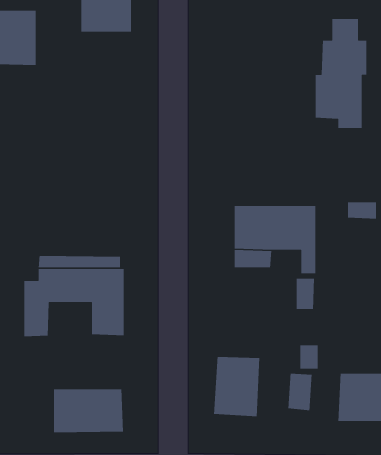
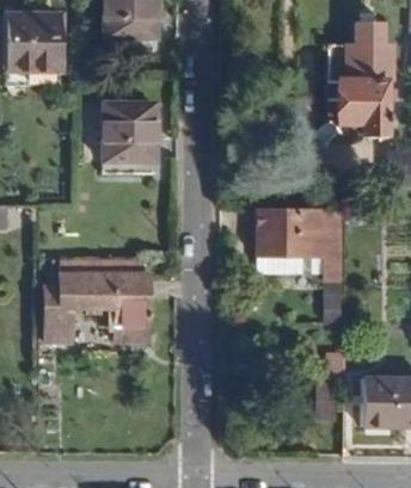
building: none -> [104,103,157,161]
building: [213,356,260,417] -> none
building: [53,389,124,433] -> none

